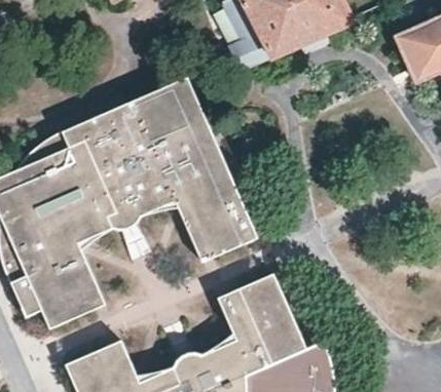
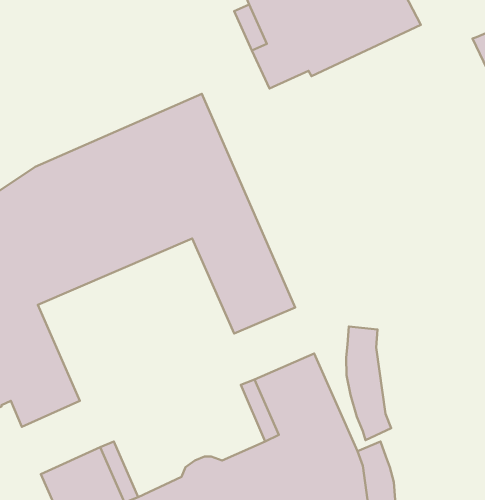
building: [63,186,212,309] -> none
building: none -> [346,327,391,440]

